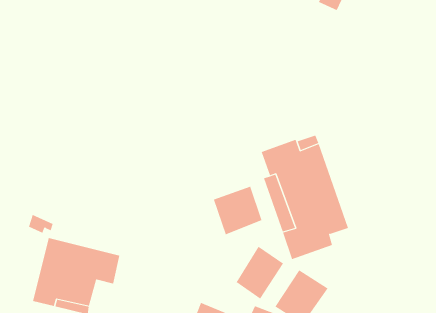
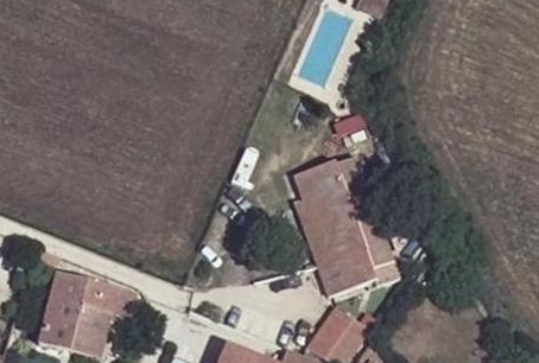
building: [213,186,262,235] -> none
building: [236,246,284,299] -> none

